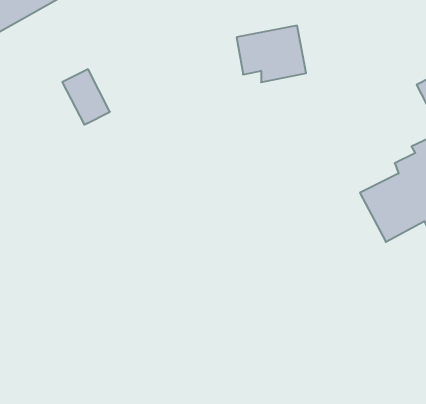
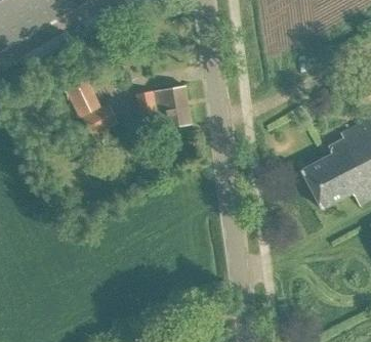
building: [237,26,306,82] -> [135,84,191,129]
building: none -> [82,100,119,134]

